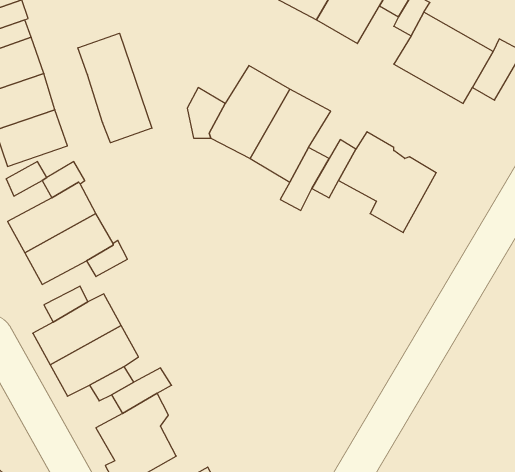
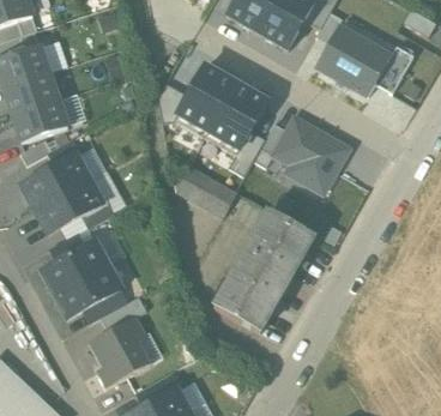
building: [78,33,152,143] -> none
building: none -> [171,163,237,218]
building: none -> [213,210,313,332]

